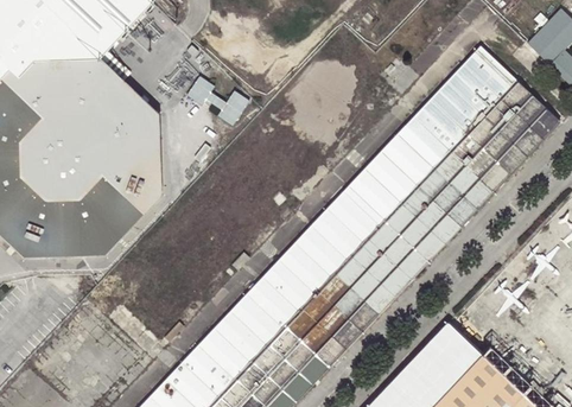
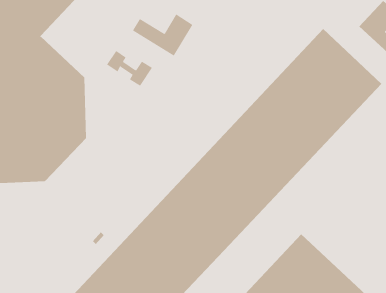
building: none -> [132,14,193,56]

